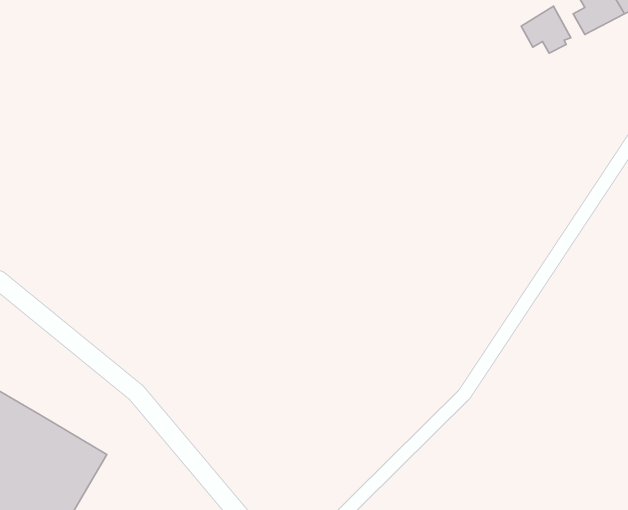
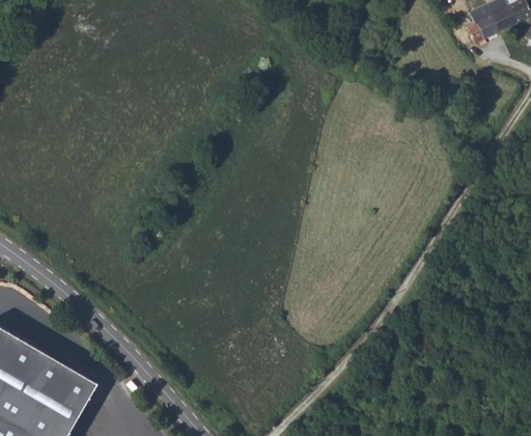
building: [521,6,571,53] -> none

